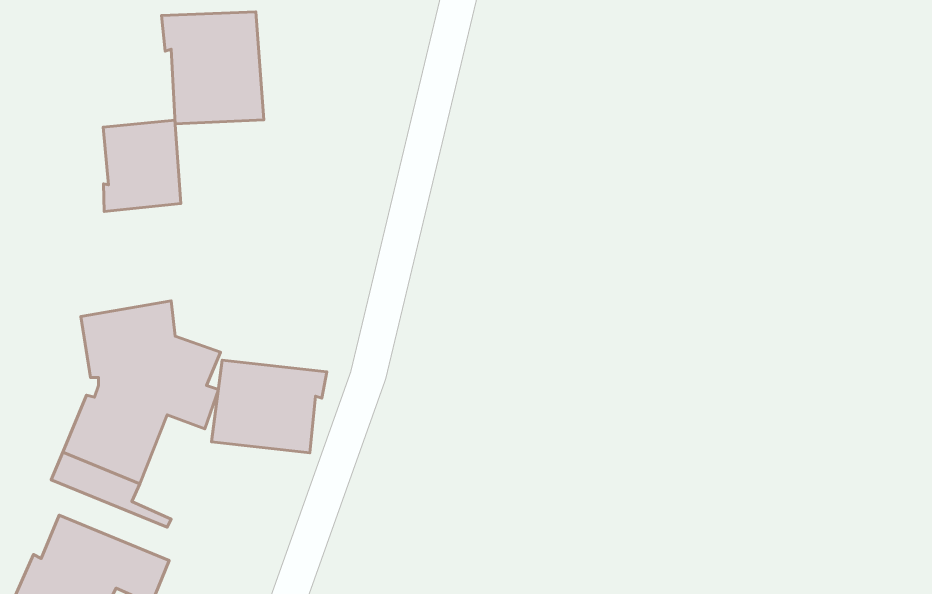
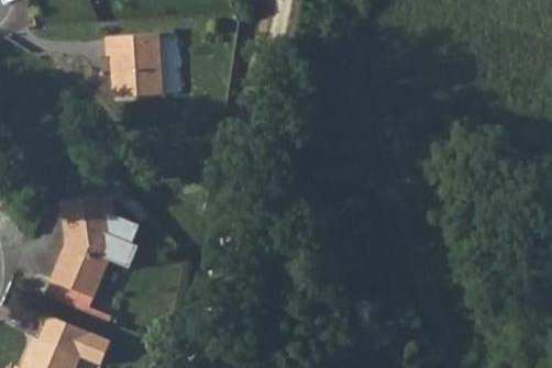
building: [103,120,181,211] -> none
building: [212,360,327,453] -> none

